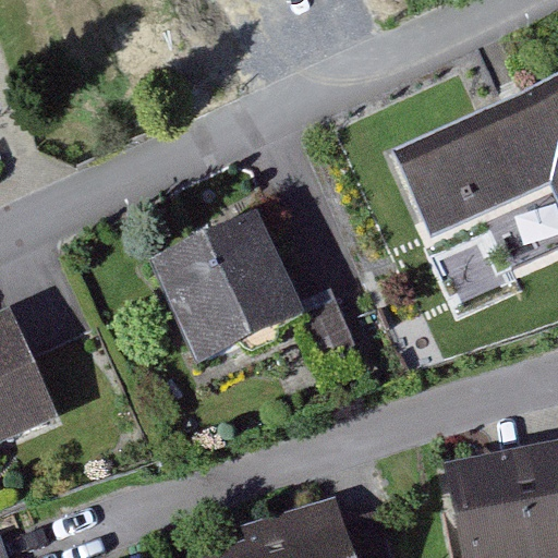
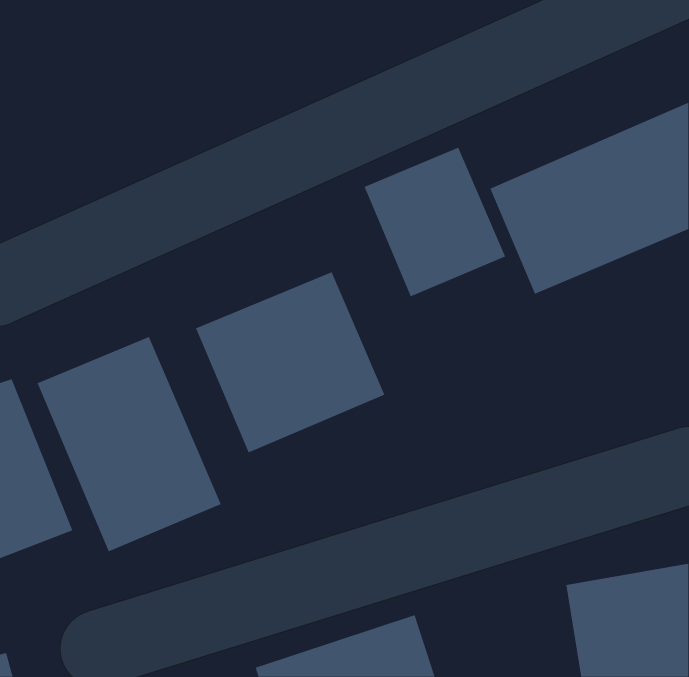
building: none -> [364,147,506,297]
building: none -> [37,336,221,552]

